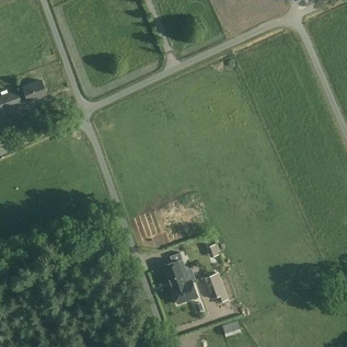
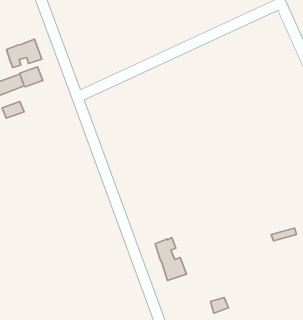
building: none -> [6,39,42,68]
building: [206,274,232,299] -> none

